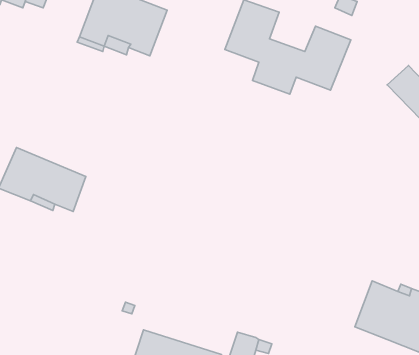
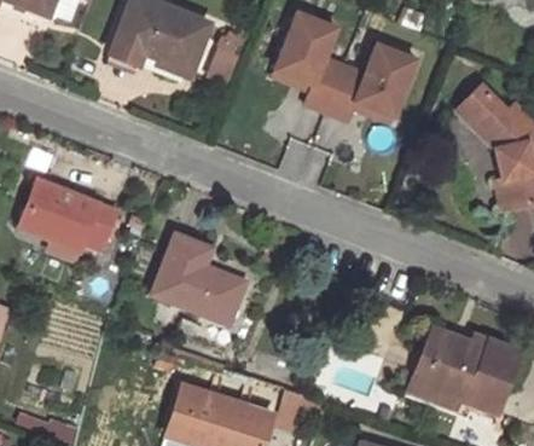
building: none -> [151,234,243,323]
building: none -> [407,328,458,407]

